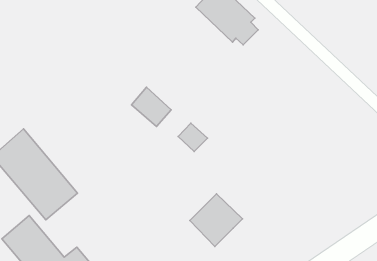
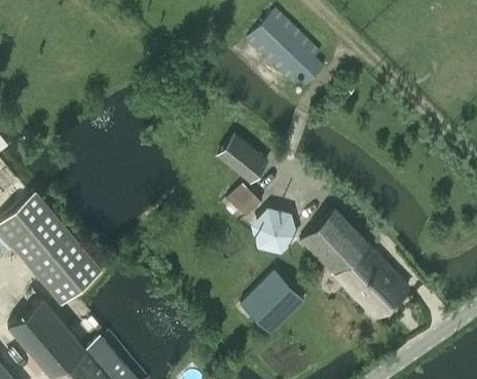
building: [131,87,171,126] -> [221,136,270,184]
building: none -> [252,209,299,255]
building: none -> [300,210,409,319]

